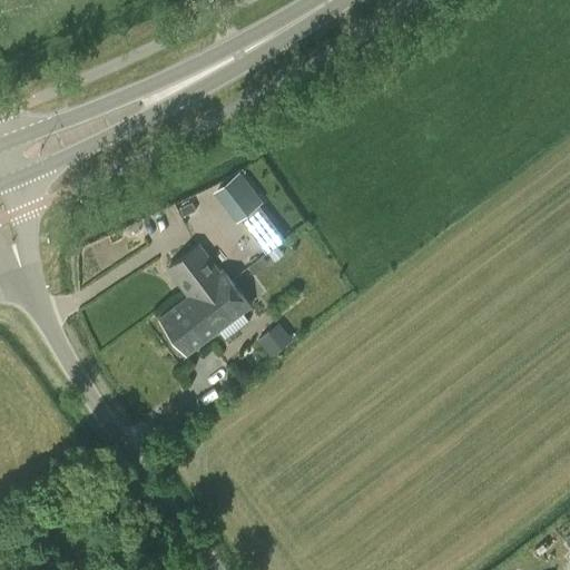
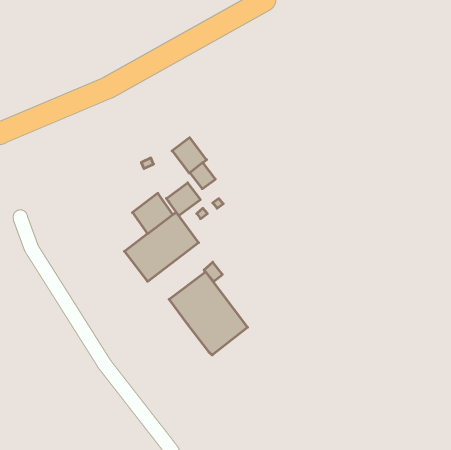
building: none -> [166,183,200,215]
building: none -> [169,272,248,355]

